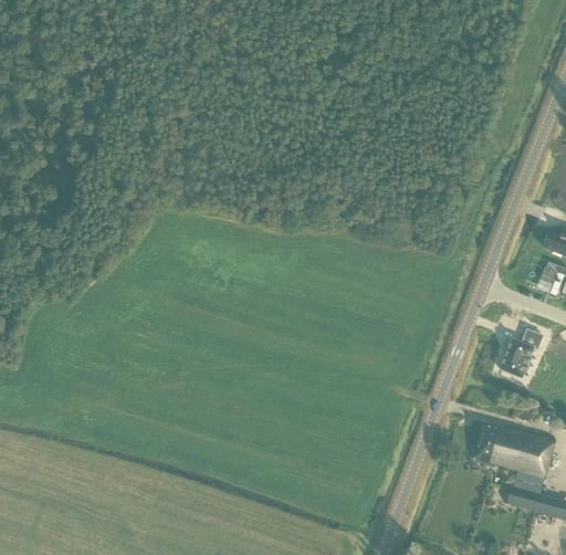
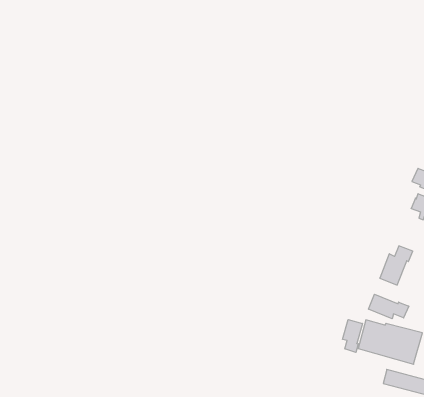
building: none -> [369,294,409,319]
building: none -> [343,320,362,352]

